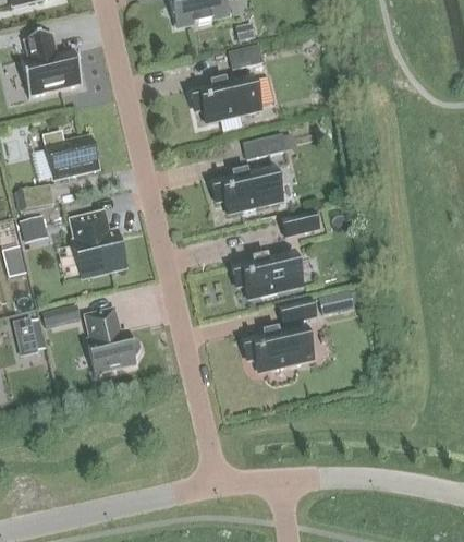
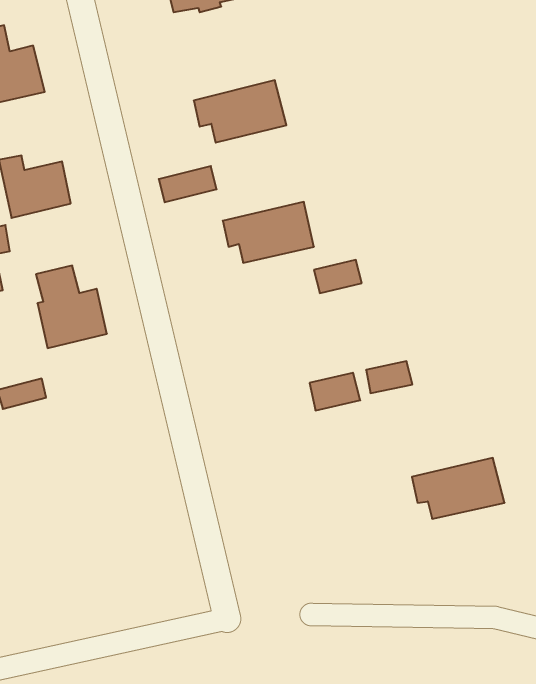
building: [228,45,262,70] -> none
building: [243,133,286,160] -> [159,166,217,202]
building: [233,251,303,298] -> none
building: [87,310,142,373] -> none
building: [244,325,314,371] -> [412,458,505,519]

